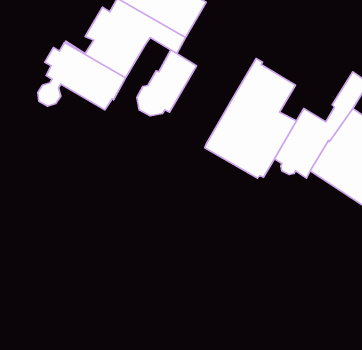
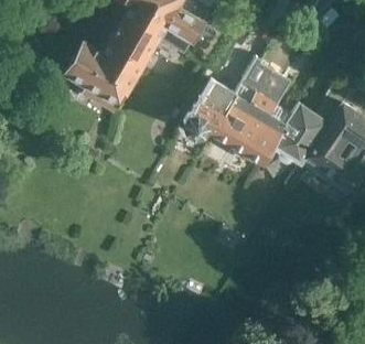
building: [137,50,197,116] -> [181,78,235,138]

